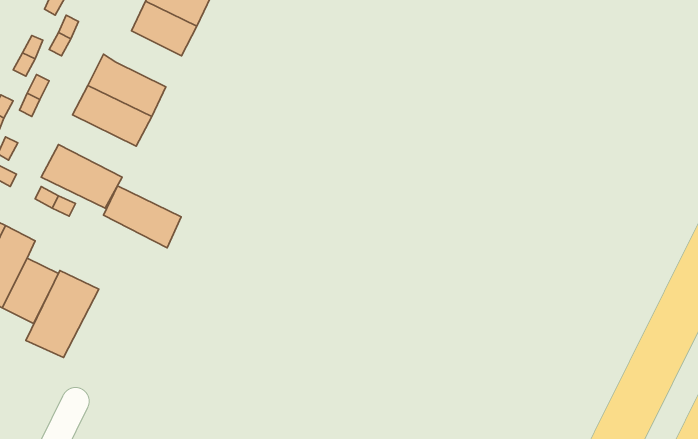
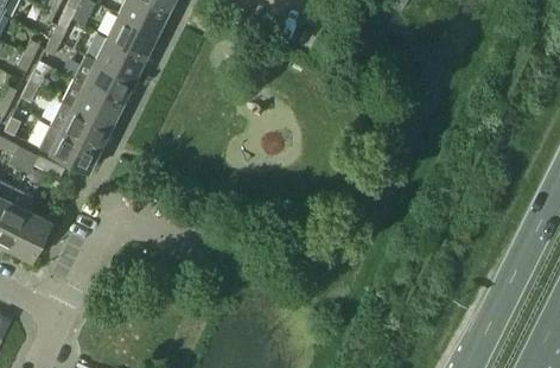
building: none -> [95,38,145,81]
building: [103,186,181,248] -> [51,102,110,150]
building: [26,271,99,358] -> none

